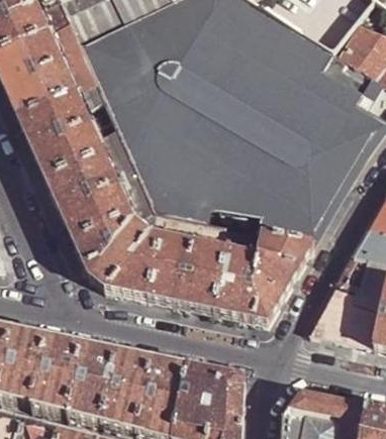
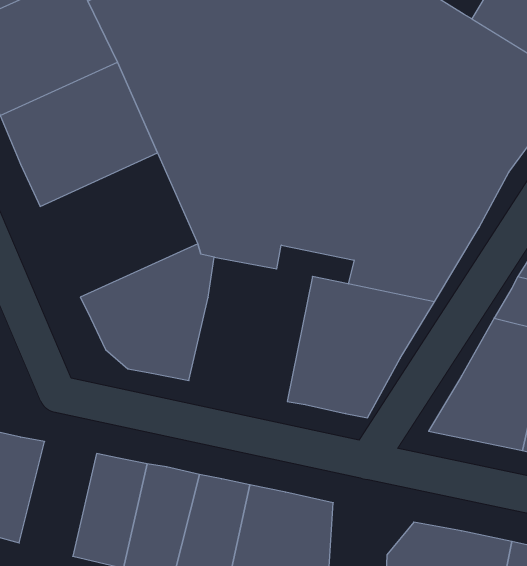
building: [45,141,153,239] -> none
building: [147,212,230,310] -> none
building: [31,337,84,415] -> none

